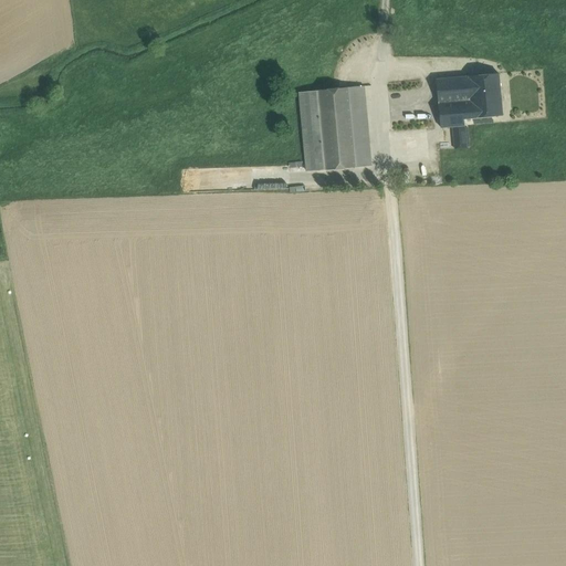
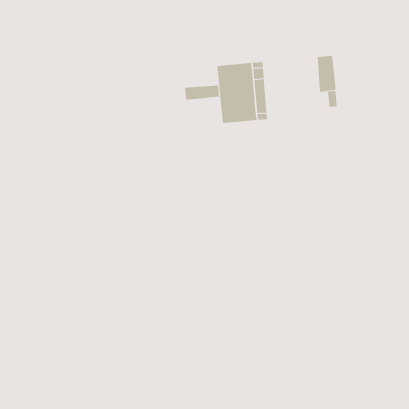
building: [459,73,501,118] -> none
building: none -> [185,85,219,100]

